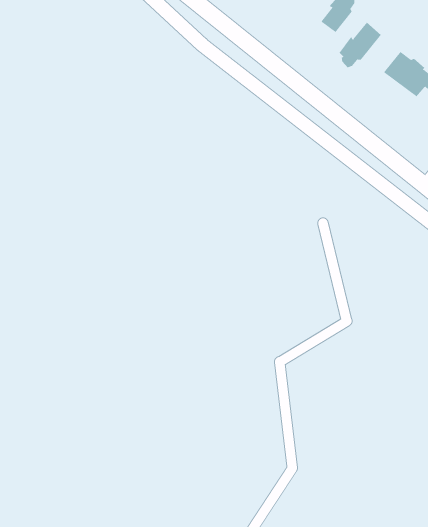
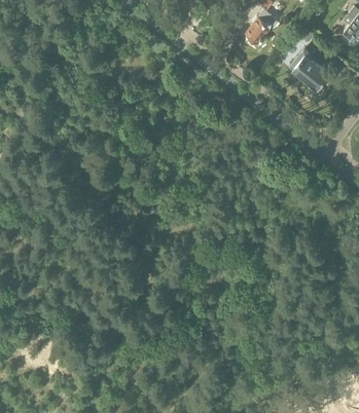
building: [339,22,382,68] -> none

